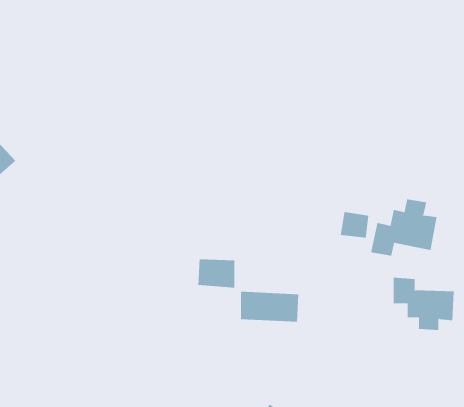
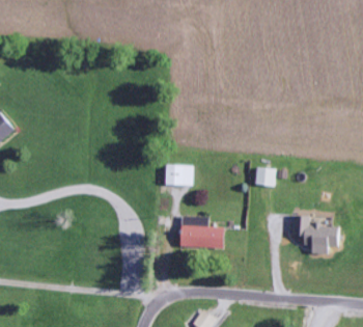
building: [370,199,437,256] -> none
building: [197,259,235,288] -> [165,164,193,186]

